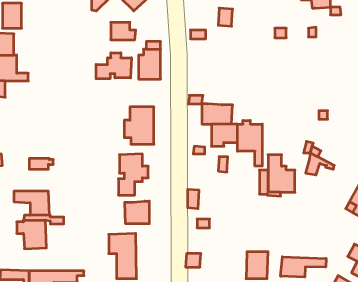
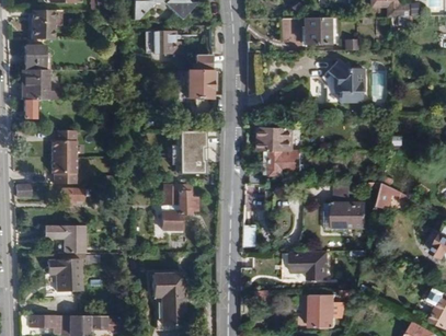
building: none -> [302,18,330,44]
building: none -> [325,62,363,102]
building: [96,53,131,79] -> none
building: none -> [52,129,77,184]
building: [237,120,262,166] -> none
building: [125,201,149,224] -> none
building: none -> [291,251,329,279]
building: [281,257,326,277] -> none

